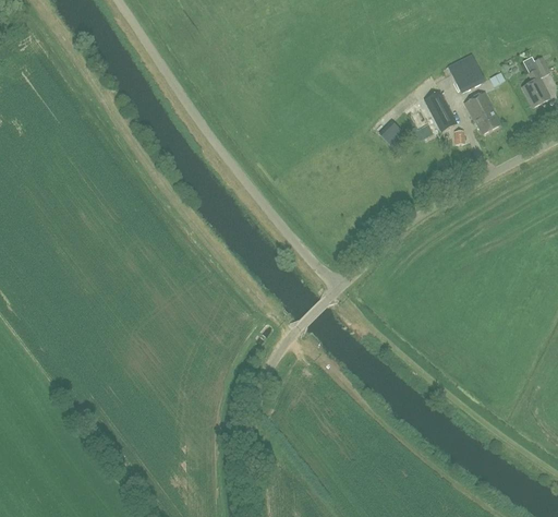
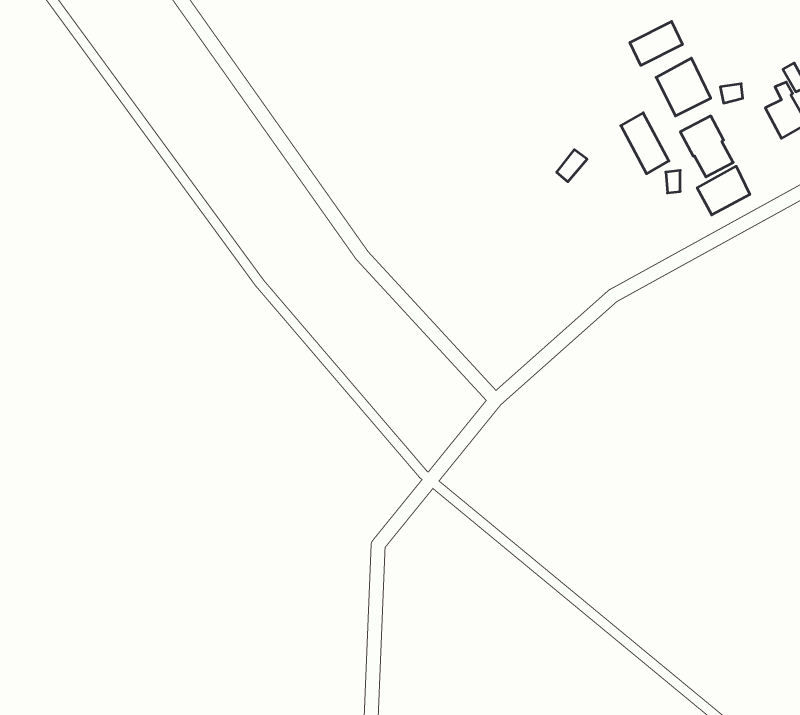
building: none -> [630,21,682,65]
building: none -> [697,166,750,215]

